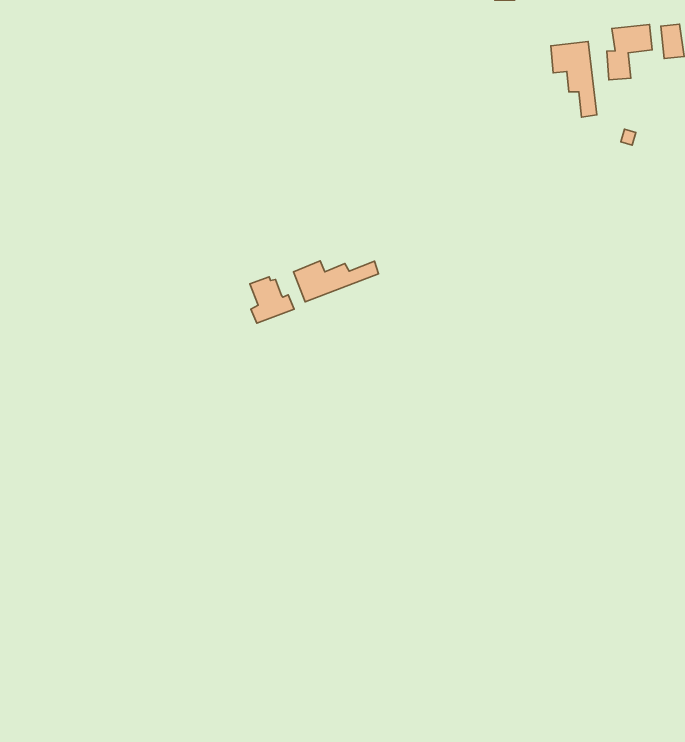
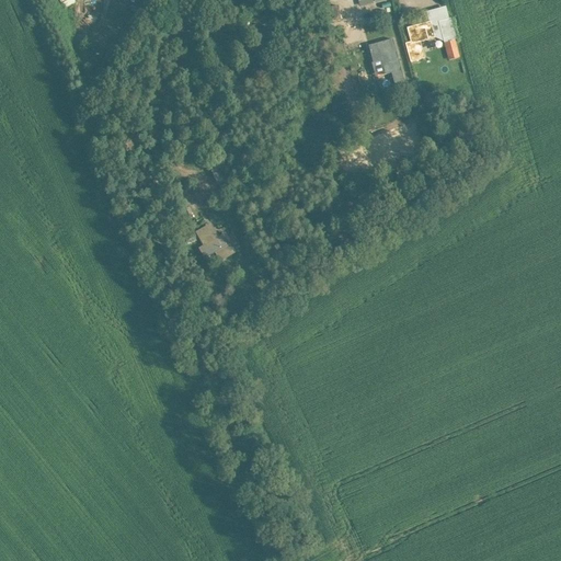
building: [293,261,378,302] -> none

